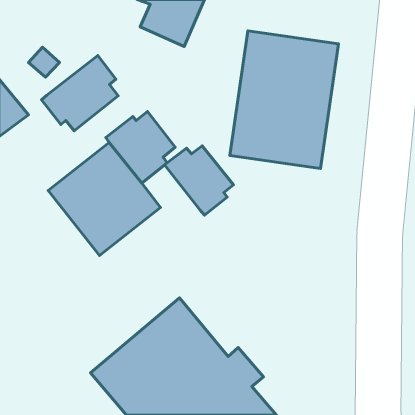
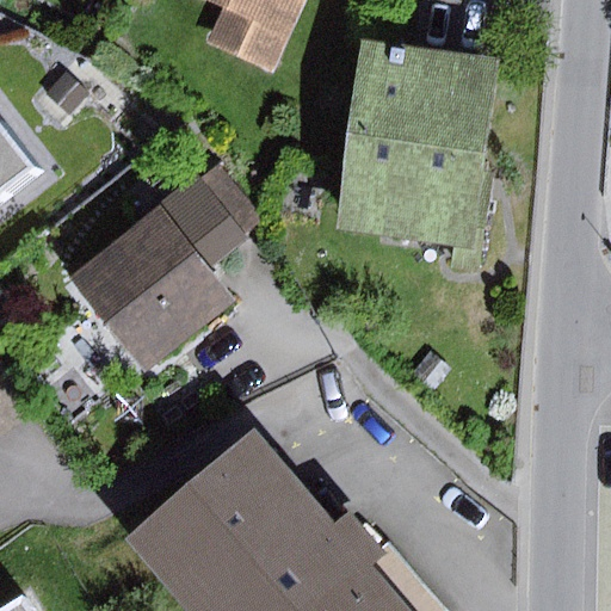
building: [41,55,118,131] -> none
building: [165,146,233,215] -> none

